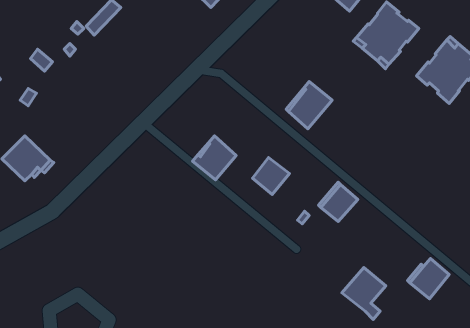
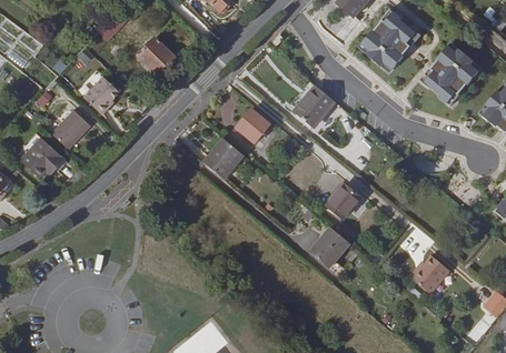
building: none -> [138,37,177,77]
building: none -> [85,77,120,114]
building: none -> [52,109,91,149]
building: [252,157,289,194] -> [236,108,271,143]
building: [342,267,386,319] -> [309,225,351,275]

